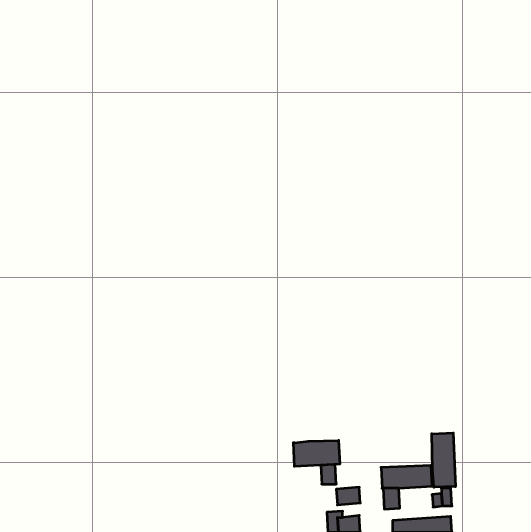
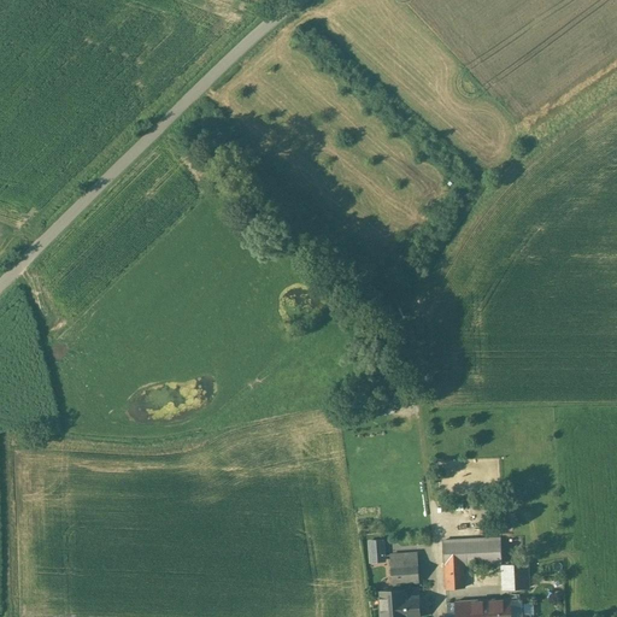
building: [432,433,455,487] -> none
building: [293,440,340,466] -> none

